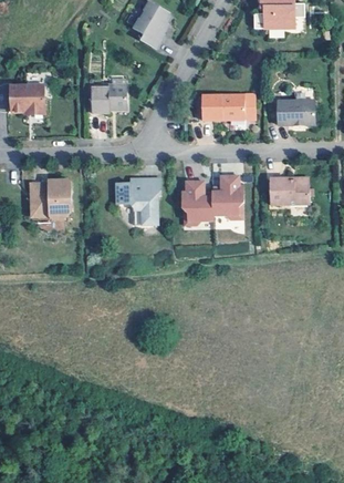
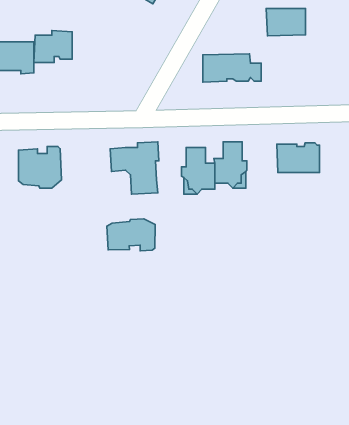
building: [91,82,126,112] -> [34,30,72,63]
building: [278,101,314,126] -> [266,9,305,36]
building: none -> [107,219,155,251]

